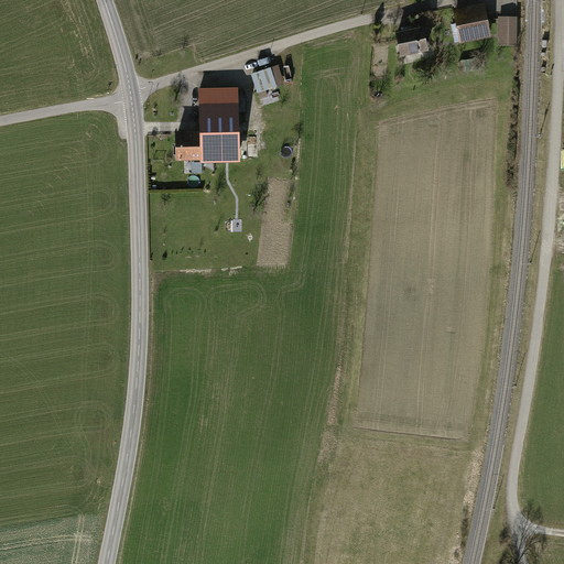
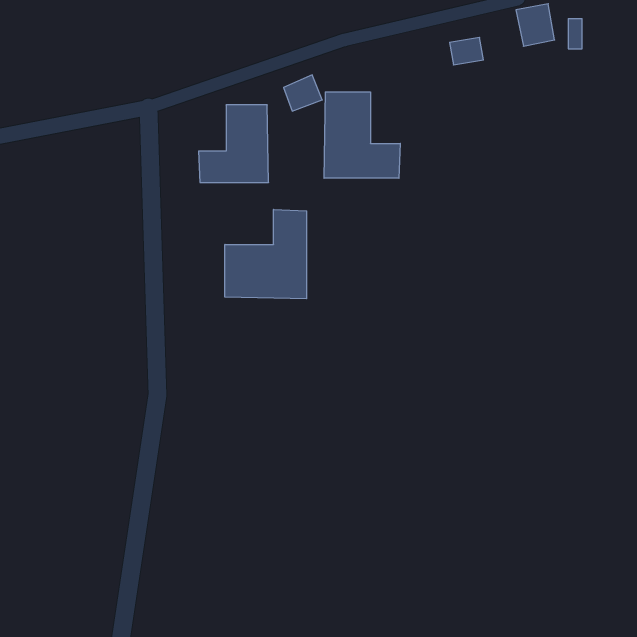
building: none -> [324,92,400,178]
building: none -> [225,209,307,299]

